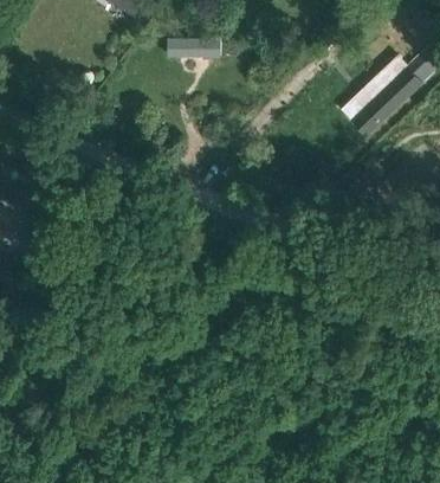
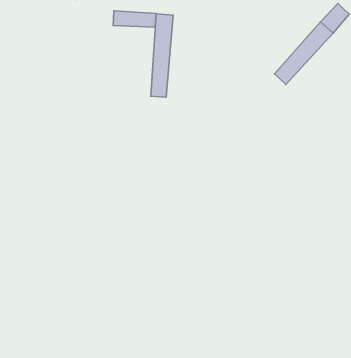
building: none -> [151,14,173,97]

